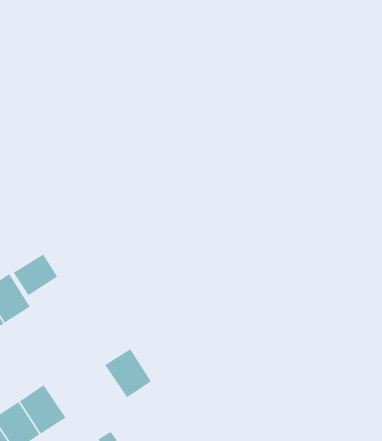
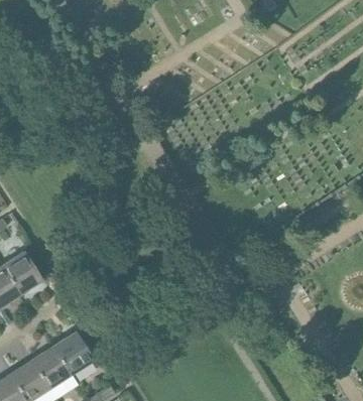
building: [13,254,58,296] -> none
building: [104,348,152,398] -> [53,331,94,374]

